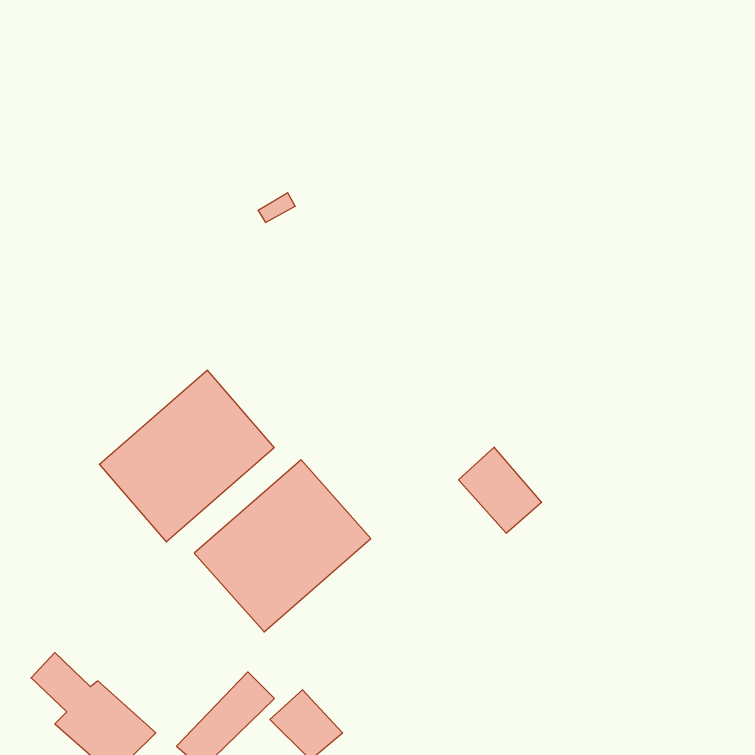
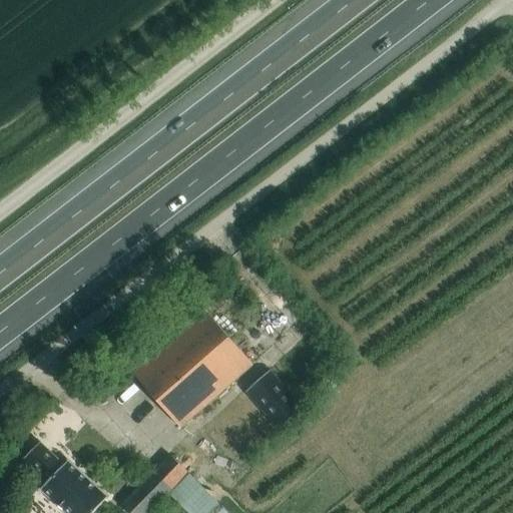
building: [99,370,274,542] -> none
building: [459,447,542,533] -> [243,371,300,429]

